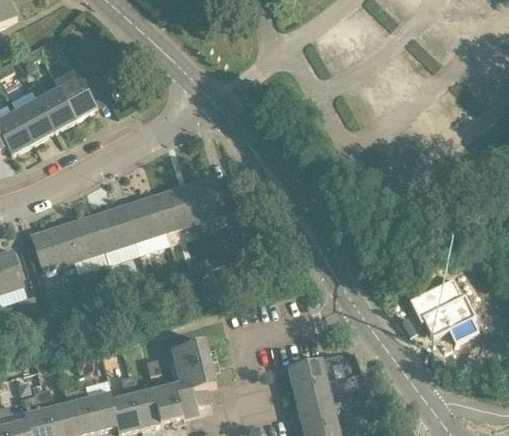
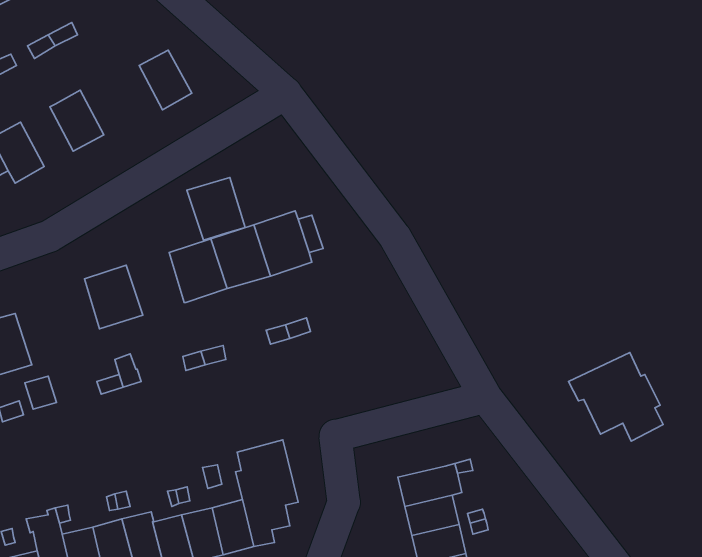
building: [58,77,96,120] -> [139,50,192,110]
building: [15,100,53,143] -> none
building: [91,205,133,250] -> [187,178,245,240]
building: [30,224,72,270] -> none

